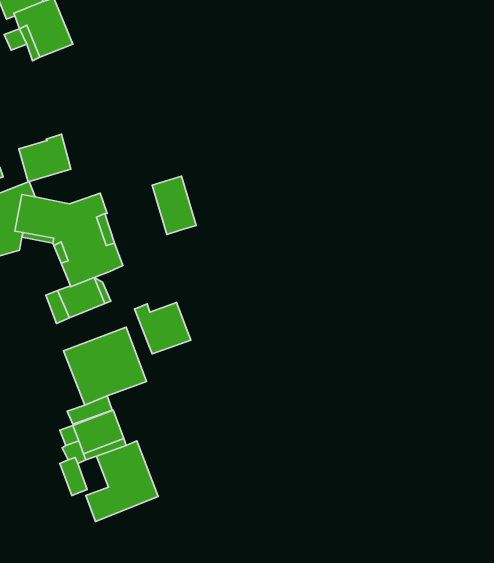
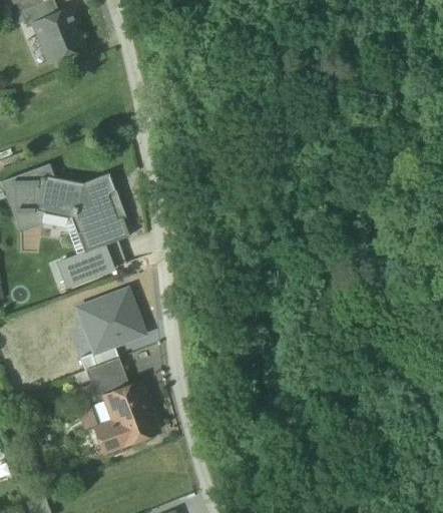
building: [19,134,71,182] -> none
building: [152,176,196,234] -> none
building: [135,303,191,354] -> none

